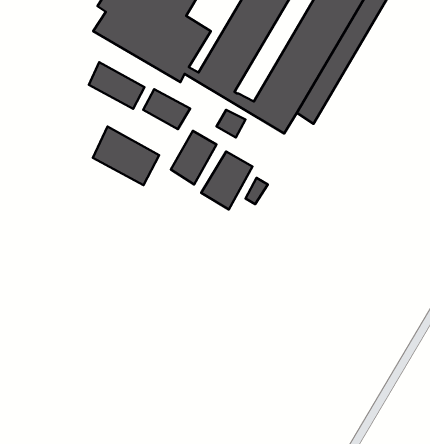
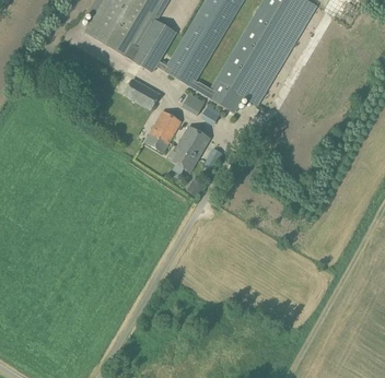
building: [89,62,144,109] -> none
building: [93,126,159,185] -> none

